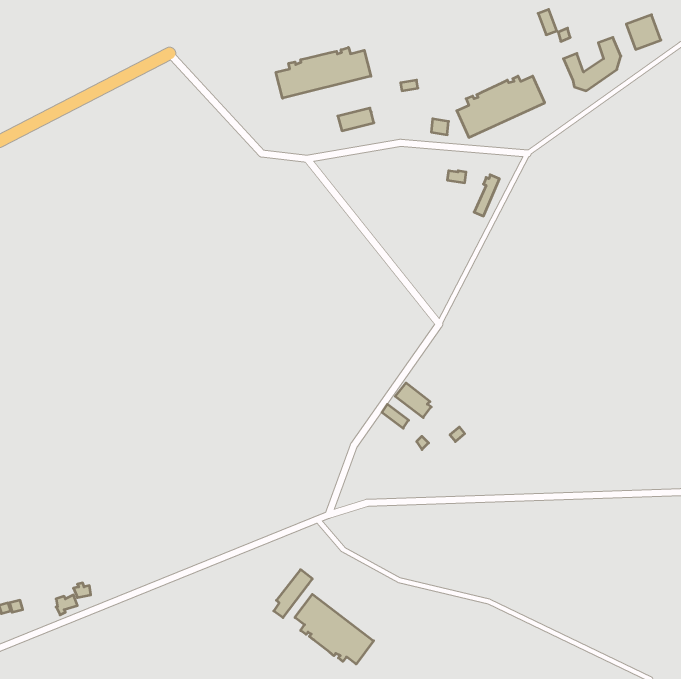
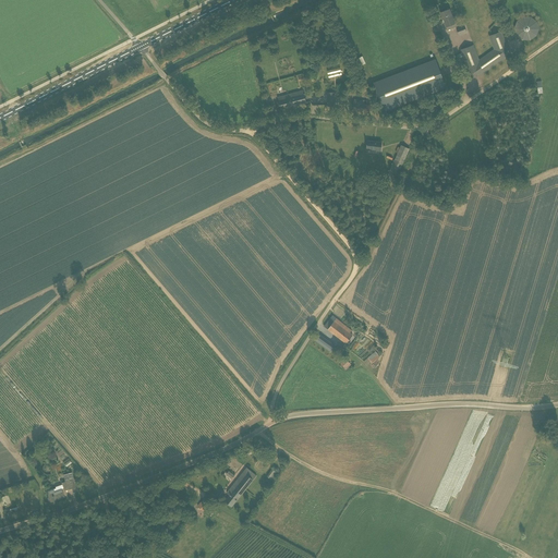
building: [276,47,371,98] -> none
building: [295,594,374,664] -> none

